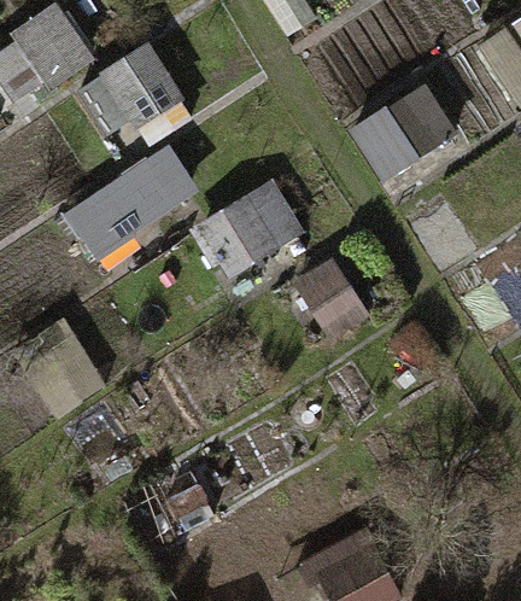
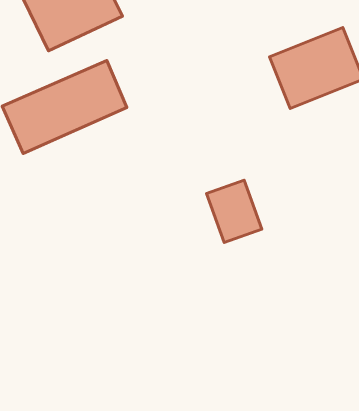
building: [192,180,305,282] -> none

